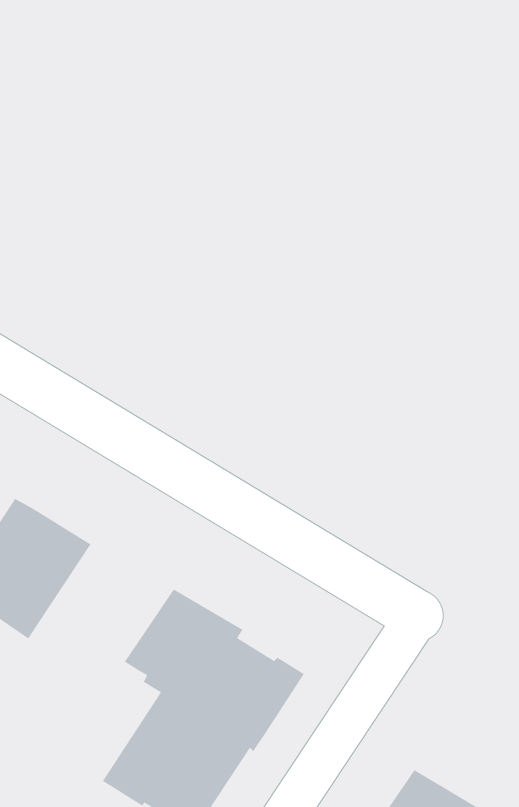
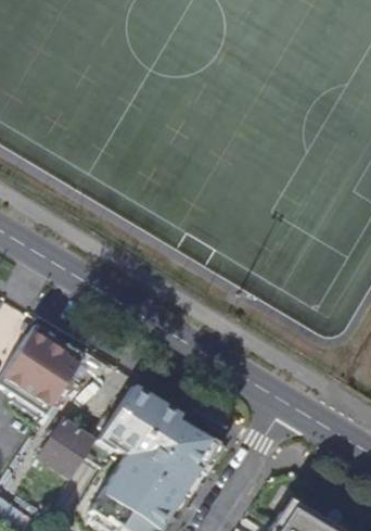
building: none -> [36,419,93,480]

